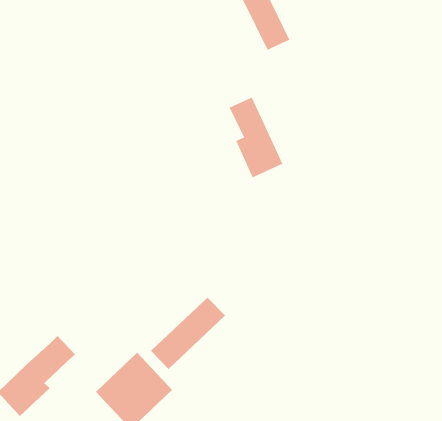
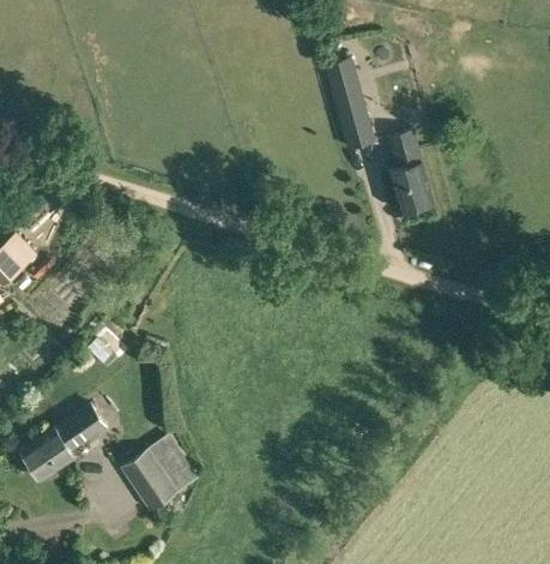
building: [229,97,283,178] -> [388,130,434,212]
building: [150,297,226,370] -> none

